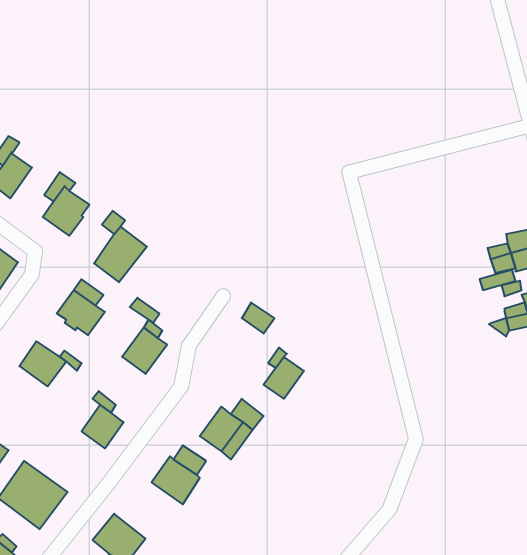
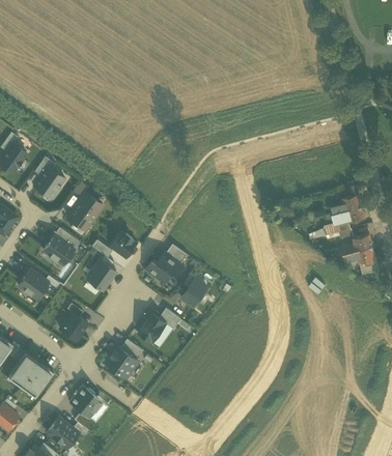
building: none -> [109,232,136,259]
building: none -> [146,254,183,283]

